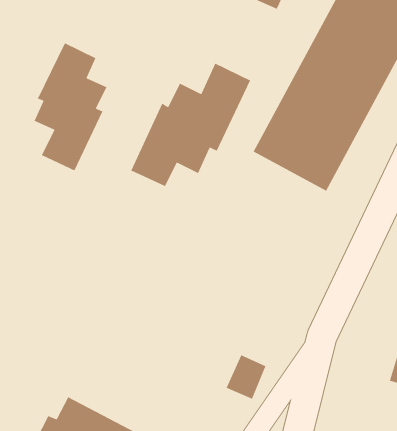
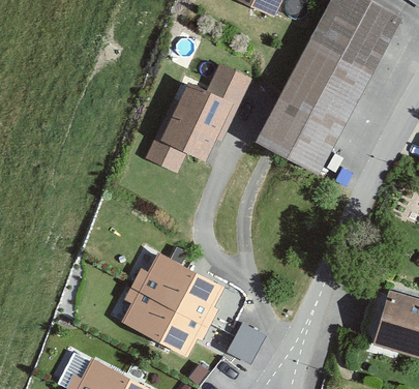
building: [34,42,107,171] -> none
building: none -> [121,252,223,356]

